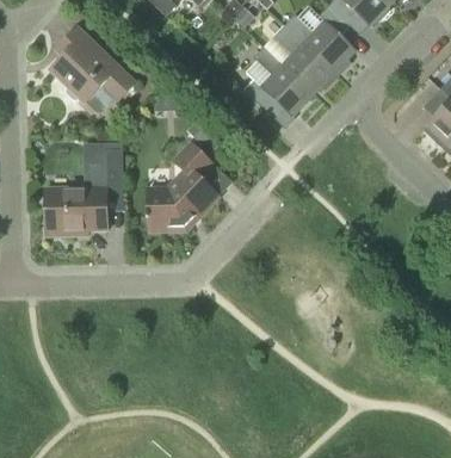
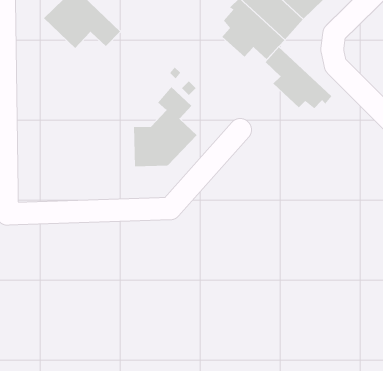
building: none -> [265,47,332,109]
building: [47,141,124,235] -> none

